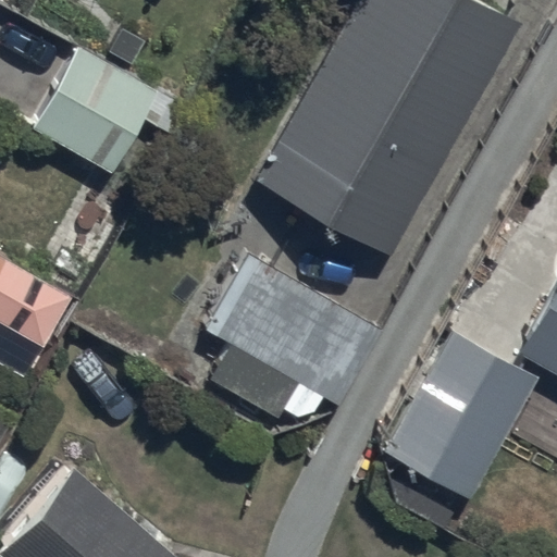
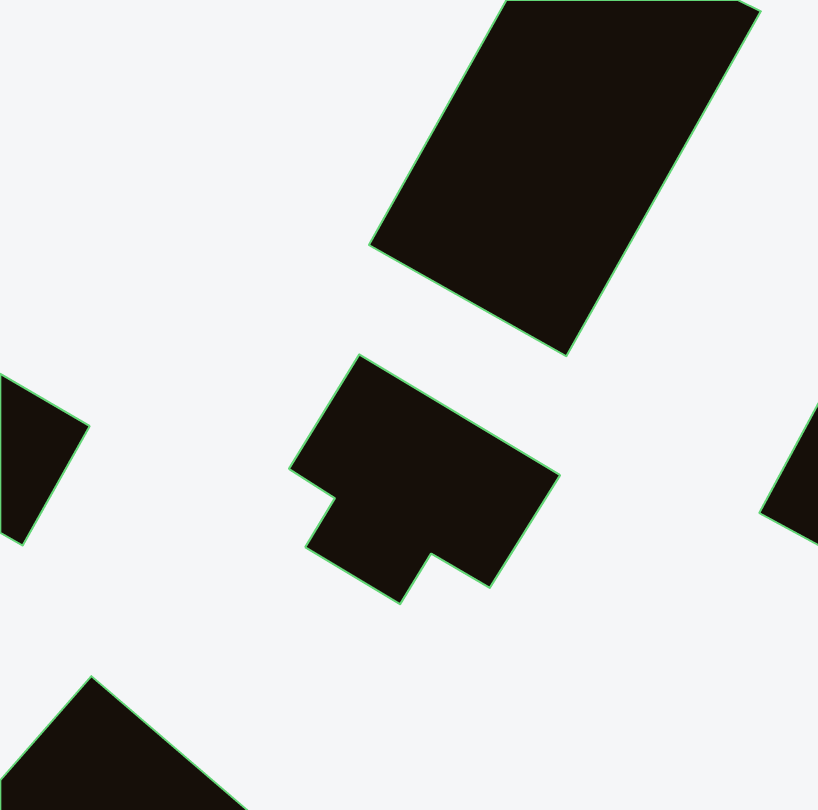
building: [33,51,157,176] -> none
building: [383,331,539,500] -> none

